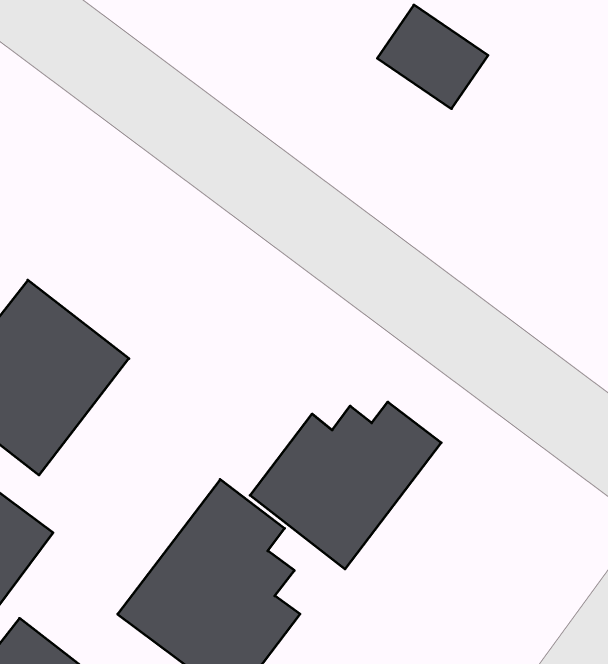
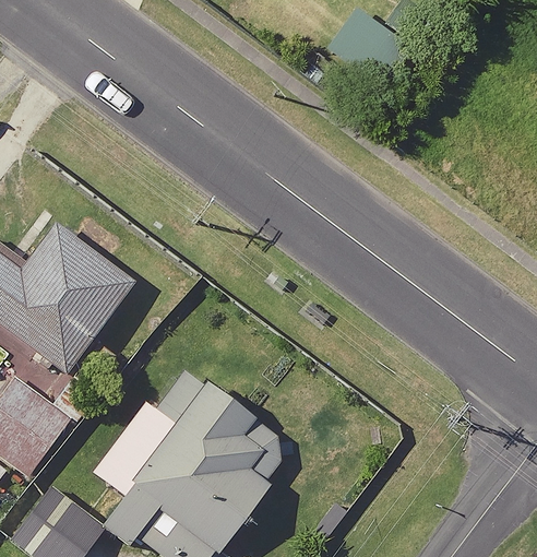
building: [250,402,441,569] -> none

